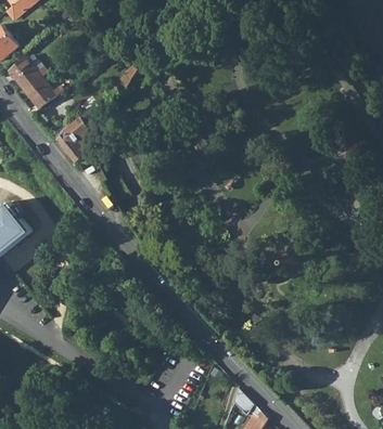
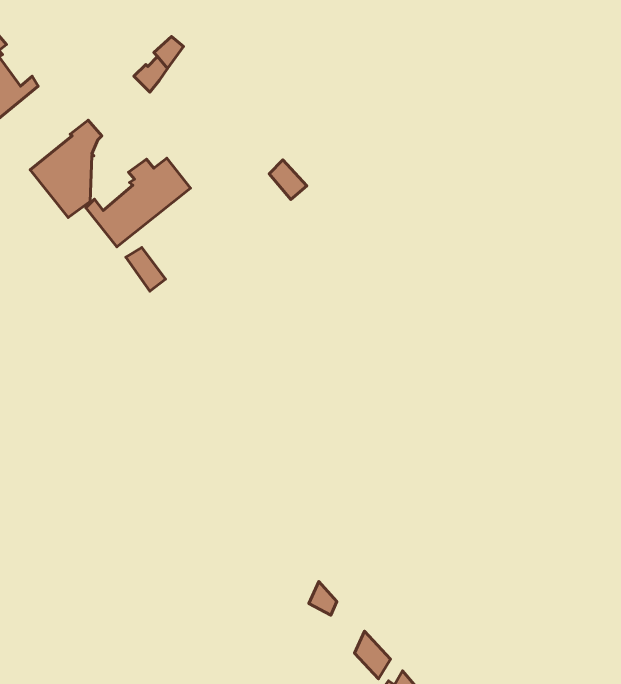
building: none -> [86,158,190,247]

